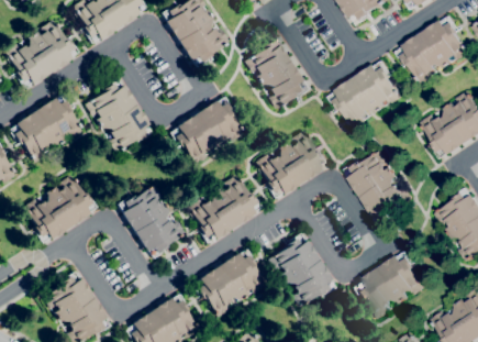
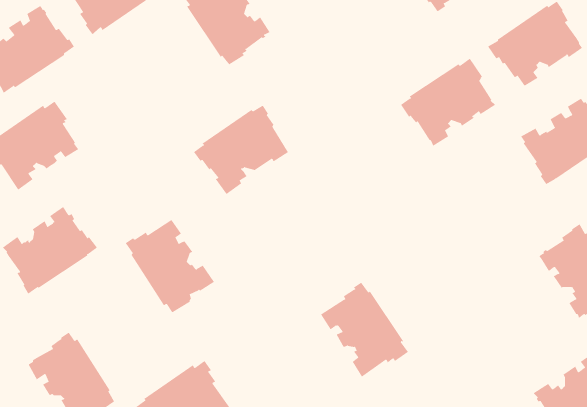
building: [244,35,312,108] -> none
building: [86,78,153,153] -> none
building: [256,130,329,198] -> none
building: [346,150,414,223] -> none
building: [188,175,262,242] -> none
building: [193,250,266,317] -> none
building: [354,252,426,319] -> none

